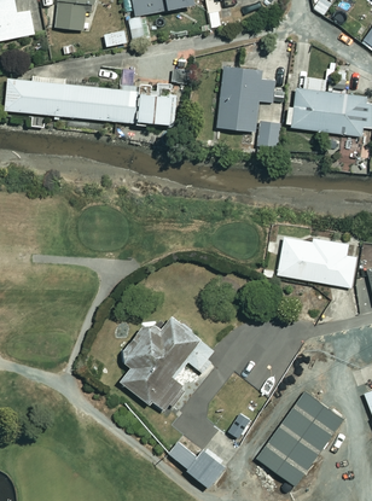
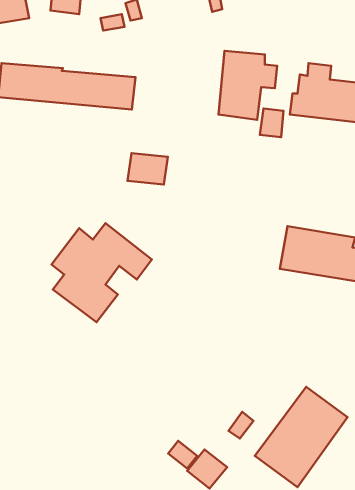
building: [139,94,178,124] -> [128,153,168,184]
building: [120,318,216,413] -> [52,223,152,322]

